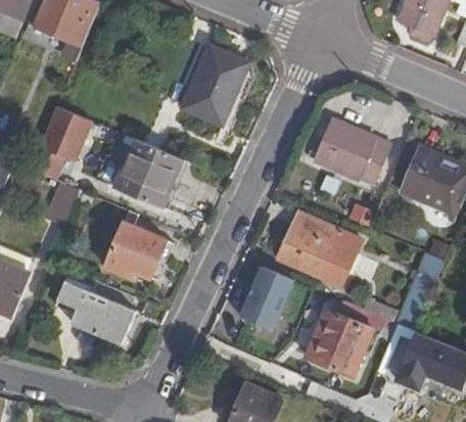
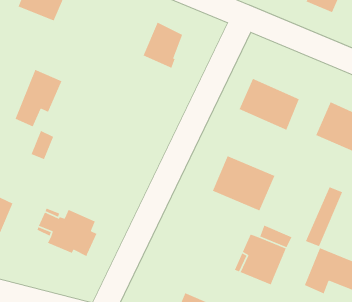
building: [181,90,227,127] -> none
building: [114,140,181,208] -> none
building: [103,210,165,281] -> none
building: [239,268,293,332] -> none

